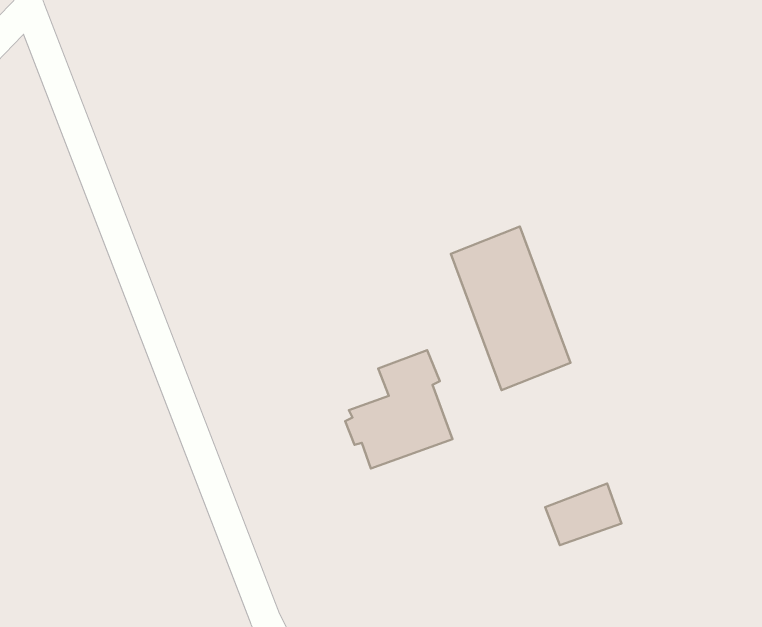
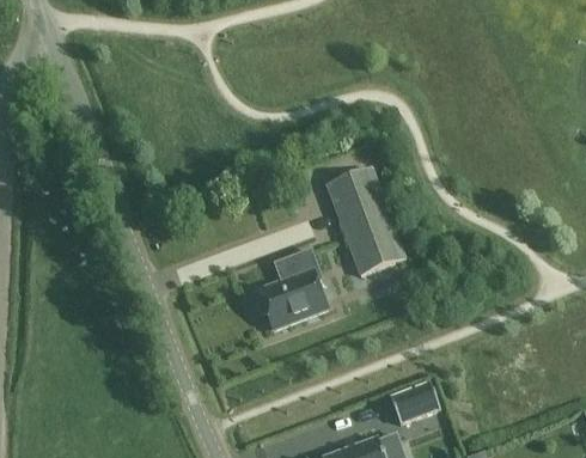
building: [545,483,622,545] -> [391,381,441,422]

